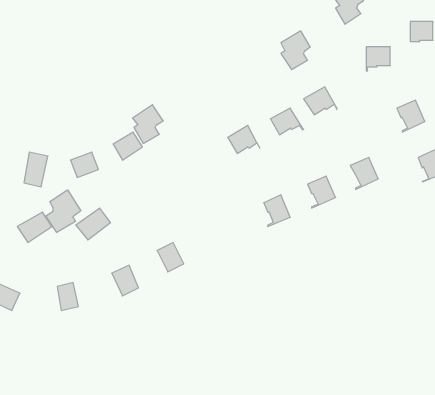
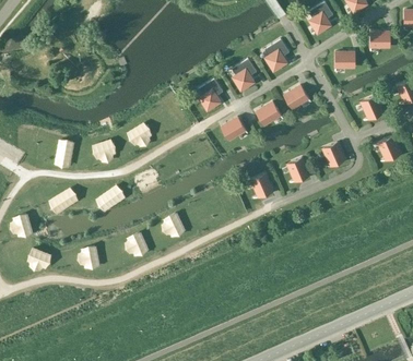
building: none -> [232,59,256,91]
building: [133,105,163,143] -> [198,79,223,110]
building: [46,190,81,232] -> none

